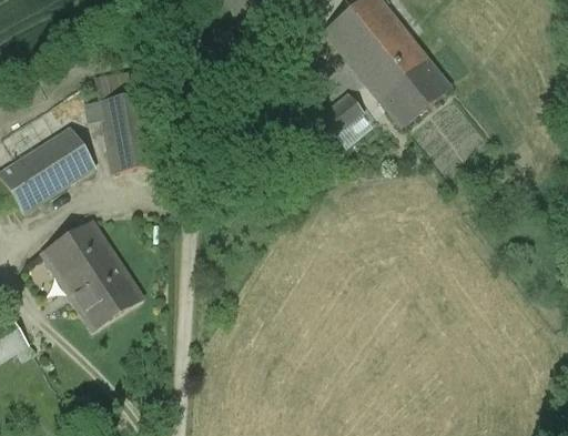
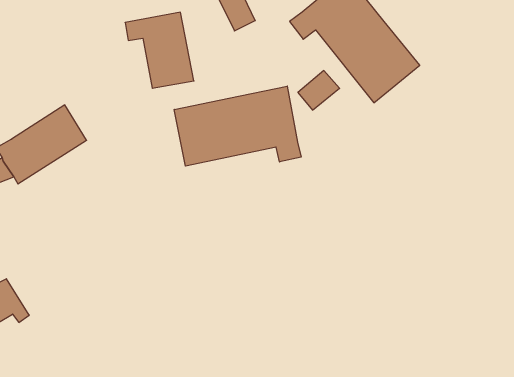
building: [83,90,156,171] -> [125,12,194,88]
building: none -> [174,86,301,166]
building: [42,220,141,326] -> none

